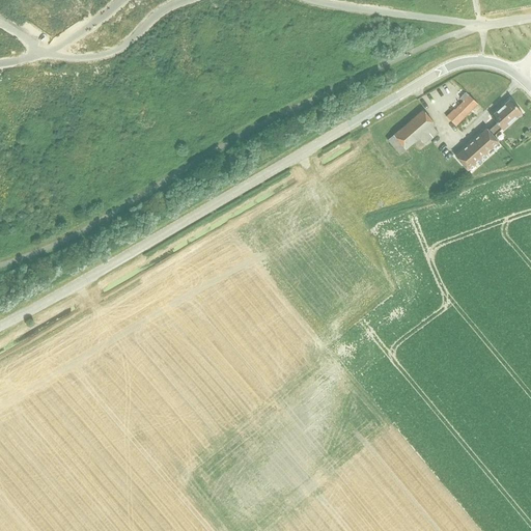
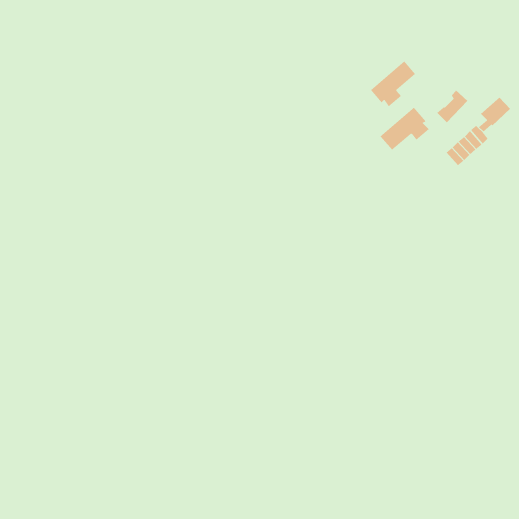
building: none -> [370,61,416,107]

